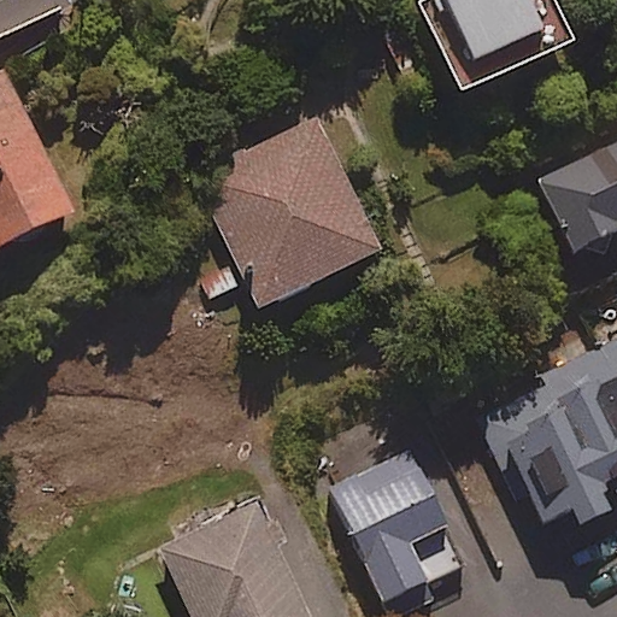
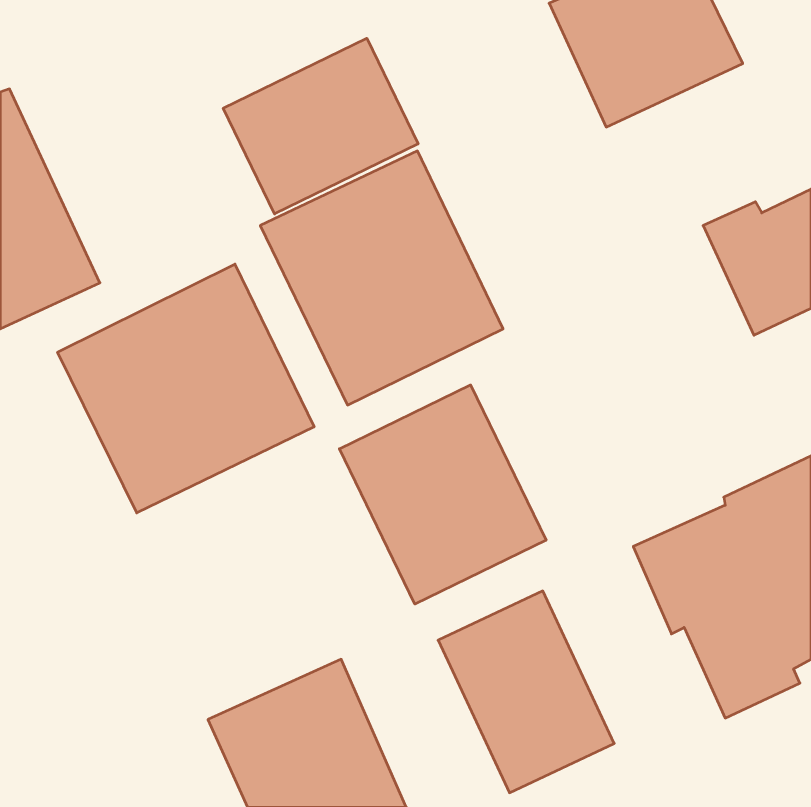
building: none -> [223,38,418,214]
building: none -> [58,264,314,513]
building: none -> [339,385,546,604]

